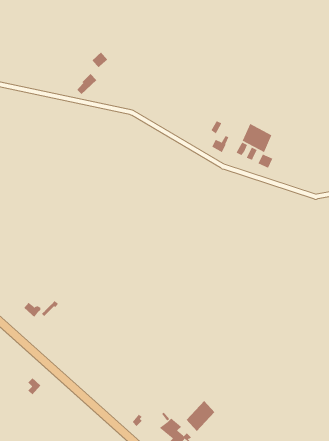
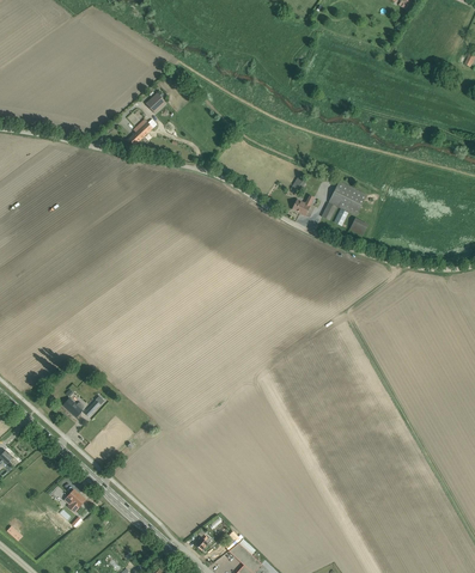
building: [186,400,215,432] -> none

